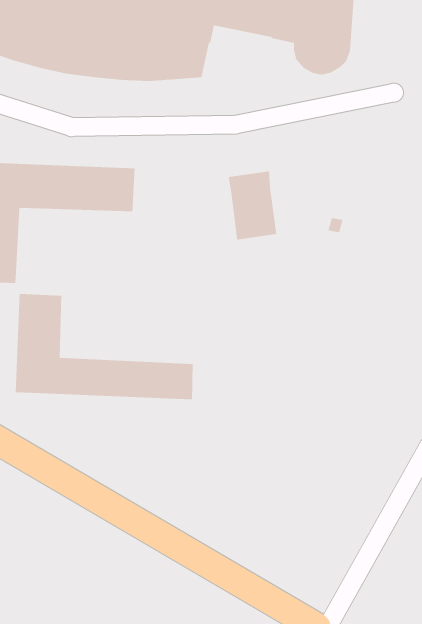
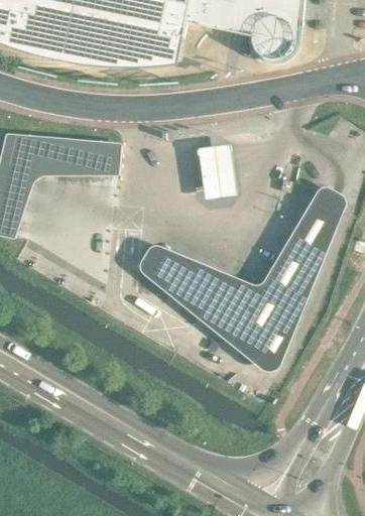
building: none -> [139,186,345,373]
building: [15,293,194,400] -> none

